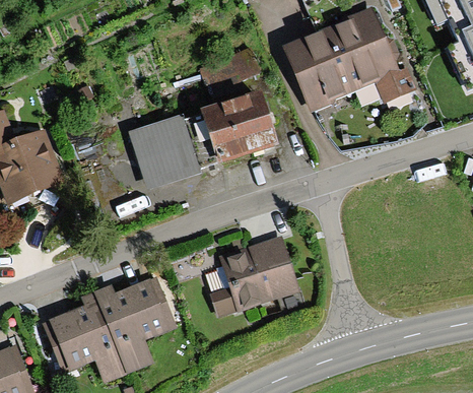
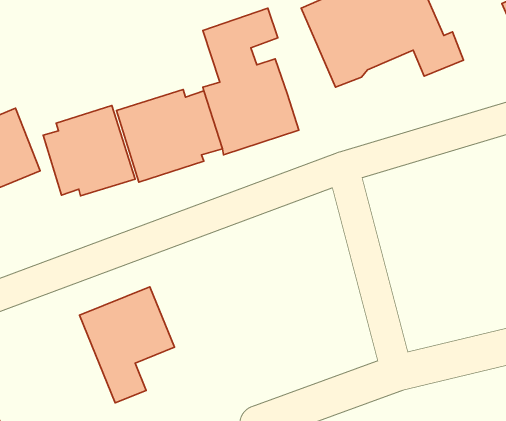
building: none -> [43,106,135,196]
building: [209,235,300,317] -> none
building: [41,300,128,382] -> none

